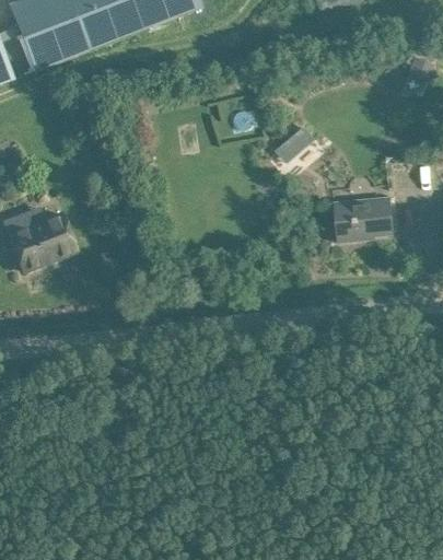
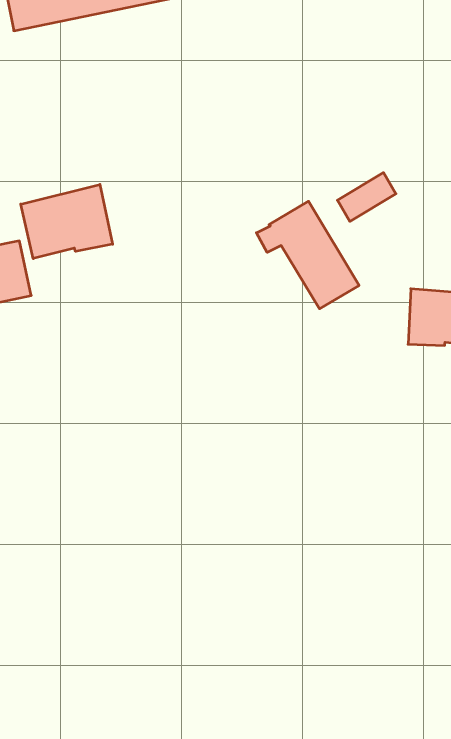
building: none -> [256,201,359,309]
building: none -> [21,184,113,259]

